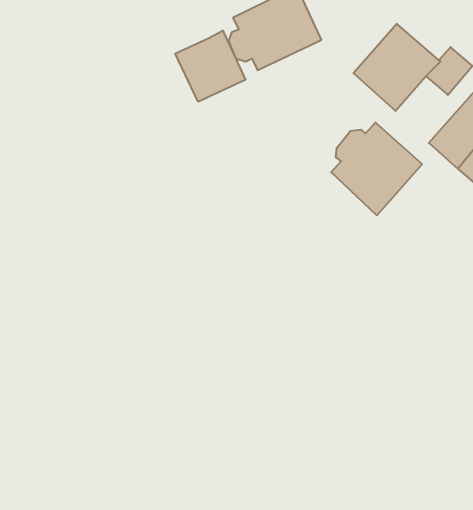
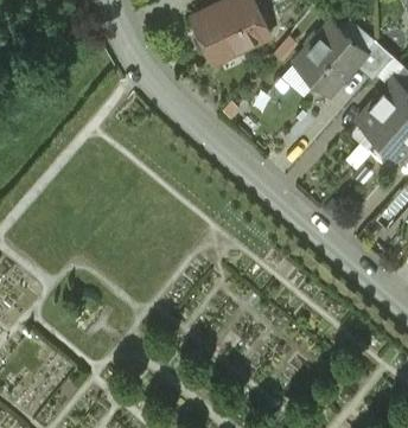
building: [175,30,245,102] -> none
building: [331,122,422,215] -> none

